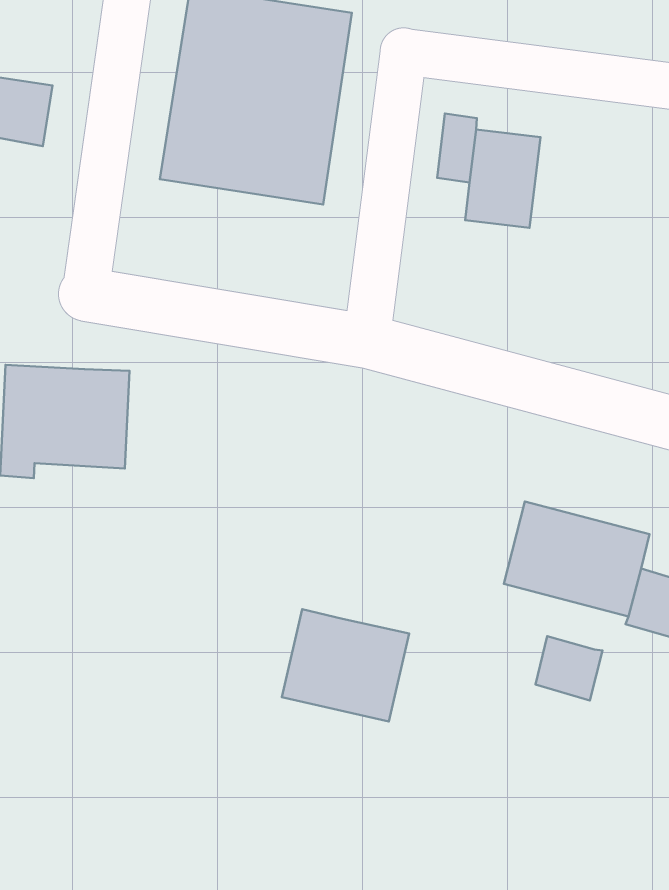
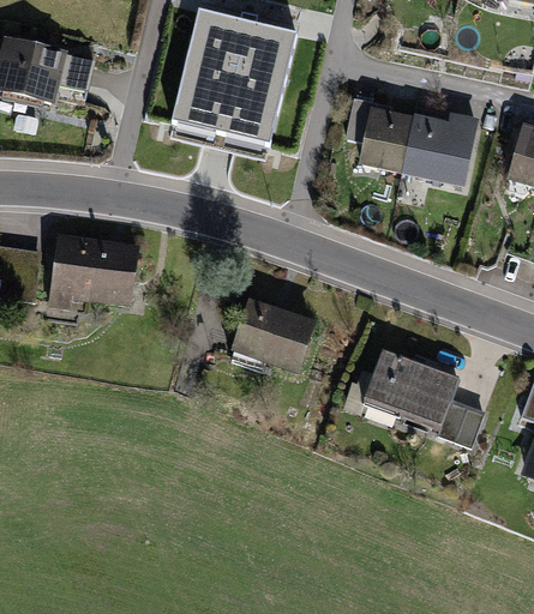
building: none -> [401,113,479,188]
building: [282,609,409,722] -> [232,301,317,378]
building: [536,636,603,700] -> none

